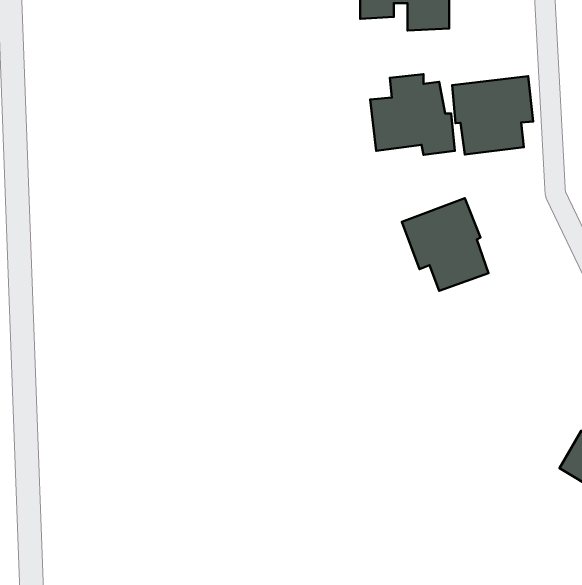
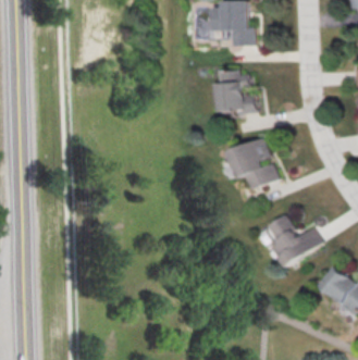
building: [452,76,533,155] -> none
building: none -> [266,214,319,266]

